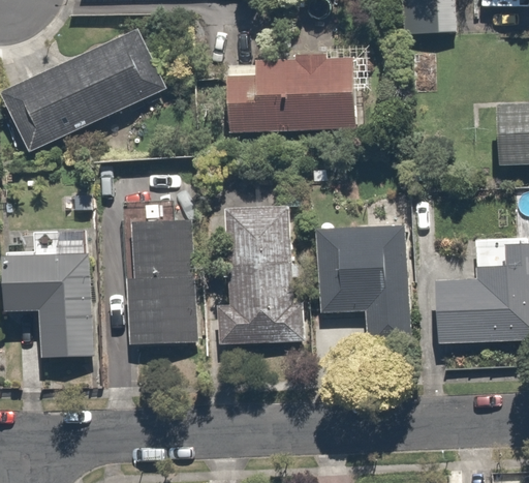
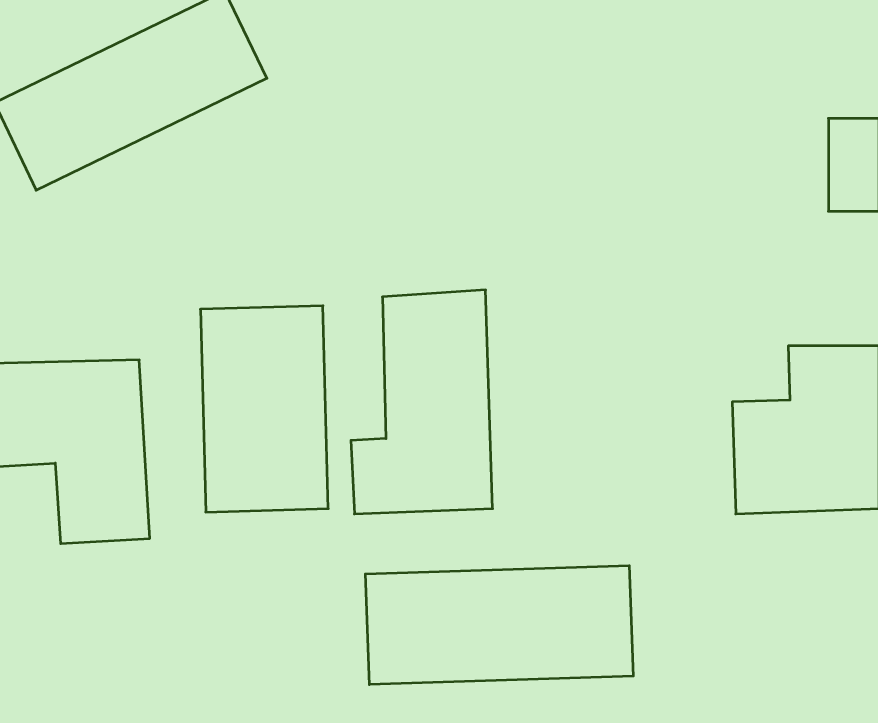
building: [222,46,360,133] -> none
building: [318,230,409,341] -> none
building: none -> [365,566,633,685]

